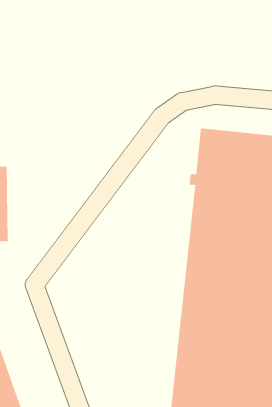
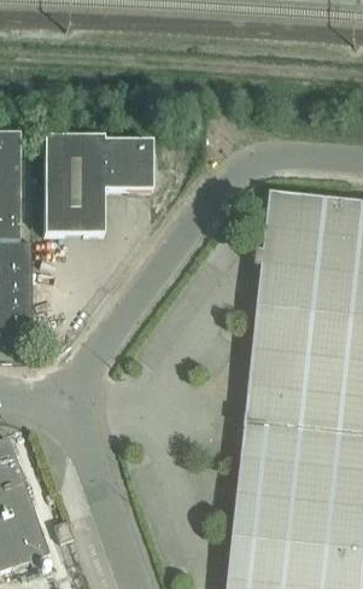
building: none -> [41,134,150,233]

